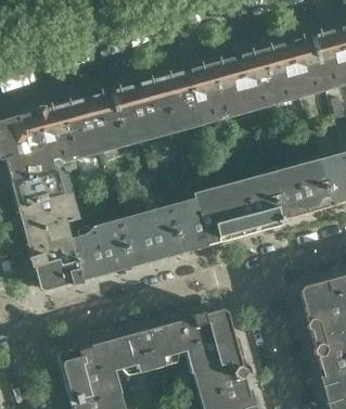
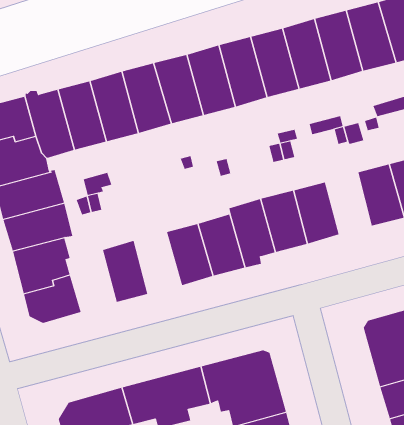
building: [270,171,306,220] -> none
building: [120,218,157,267] -> none
building: [67,232,106,281] -> none

